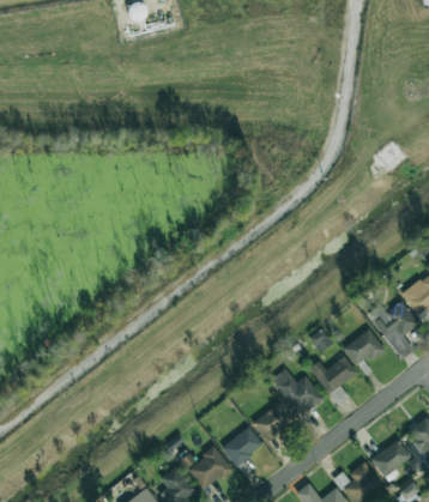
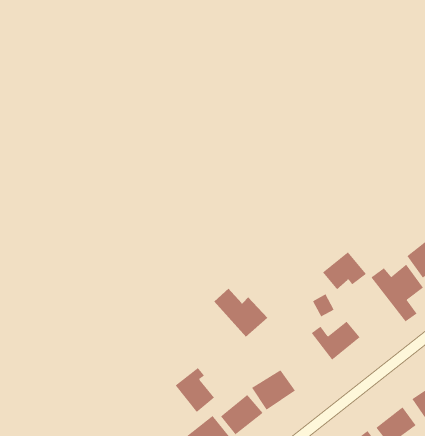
building: [343,329,386,367] -> [322,252,367,290]
building: [271,369,324,417] -> [214,288,268,338]
building: none -> [175,367,215,413]

